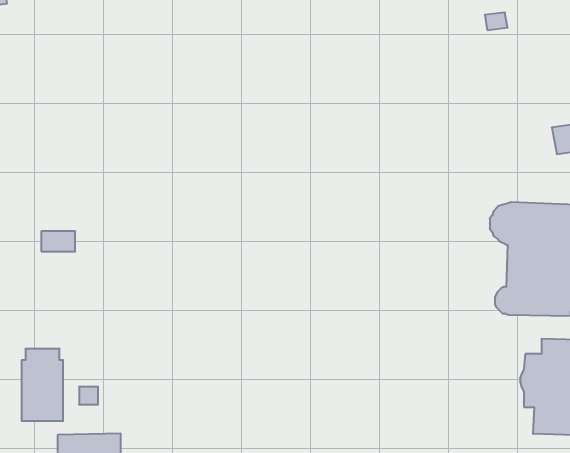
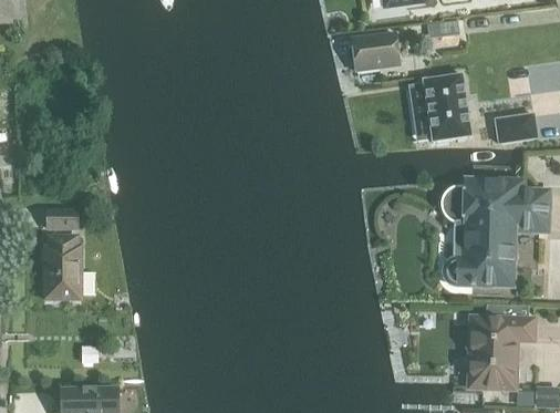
building: none -> [352,33,400,70]
building: none -> [412,74,471,142]
building: [22,349,63,421] -> [44,236,81,299]

